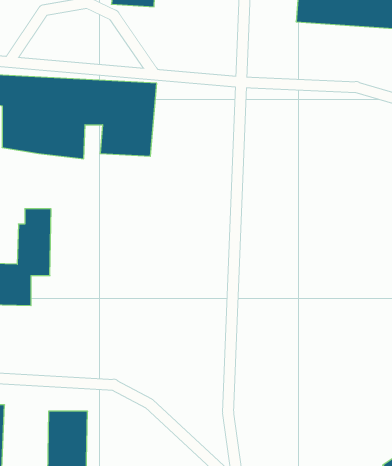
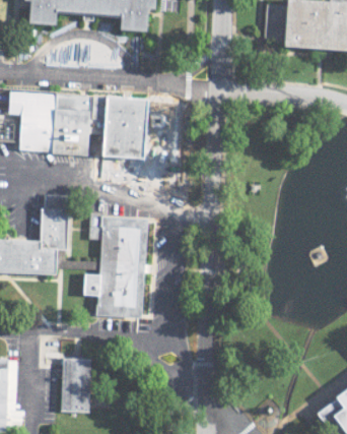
building: none -> [86,211,151,315]

